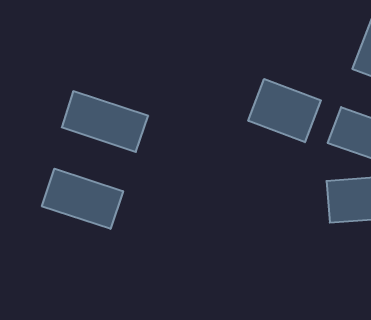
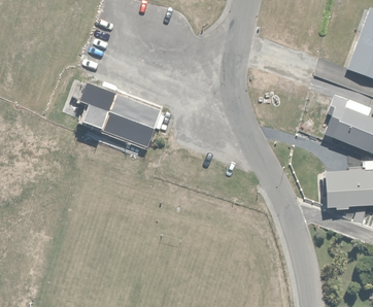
building: [248,79,321,142] -> none
building: [42,169,123,229] -> none

